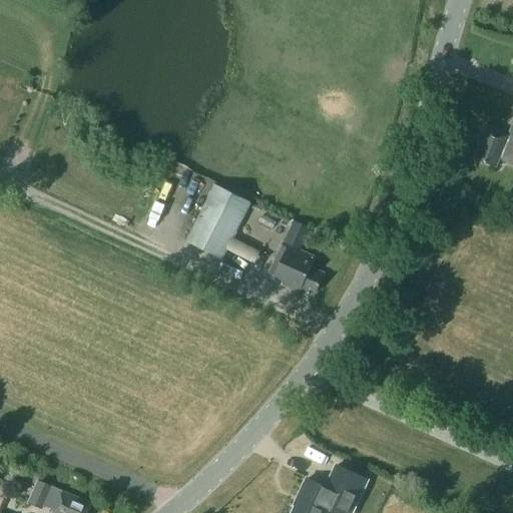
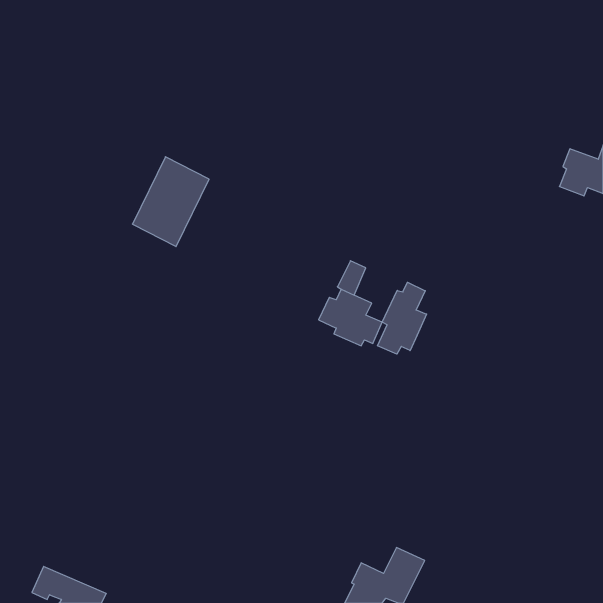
building: [186,183,251,260] -> [132,157,209,247]
building: none -> [378,282,427,354]

